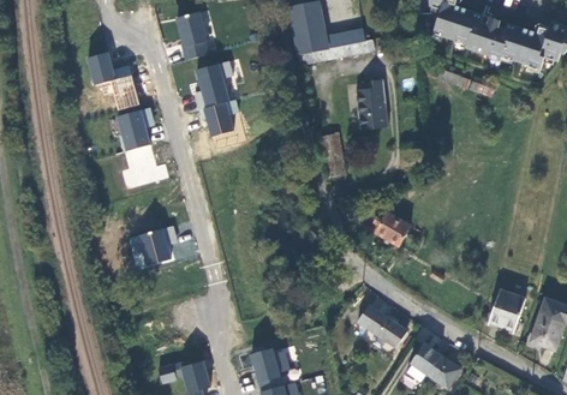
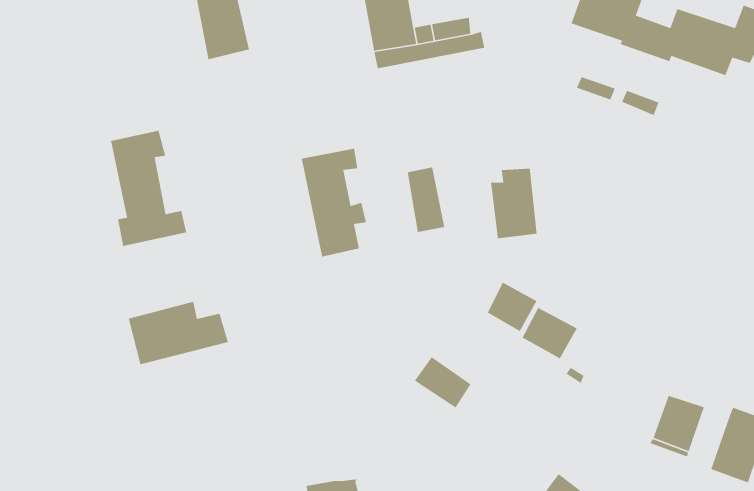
building: [85,50,138,109] -> none
building: [192,60,238,136] -> [301,148,367,258]
building: [354,80,387,130] -> [490,168,537,239]
building: none -> [522,307,578,360]
building: [366,311,406,347] -> [414,356,471,409]

